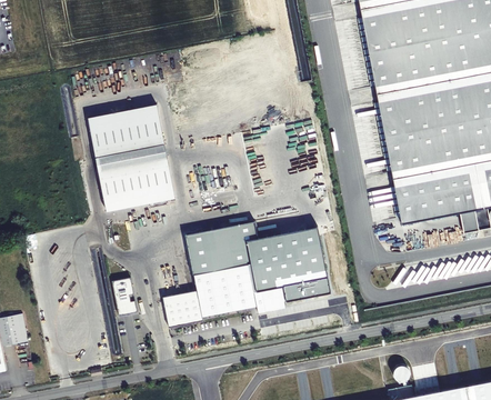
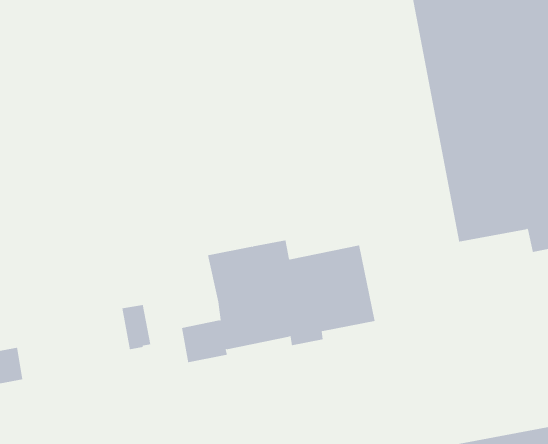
building: [88,104,173,209] -> none

